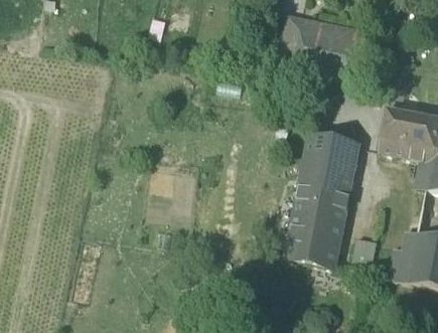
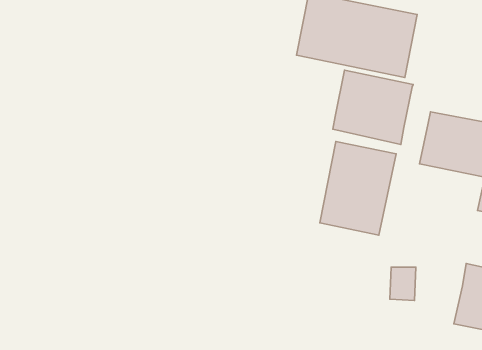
building: none -> [333,70,413,145]
building: [284,198,344,267] -> none
building: [386,245,413,281] -> none

